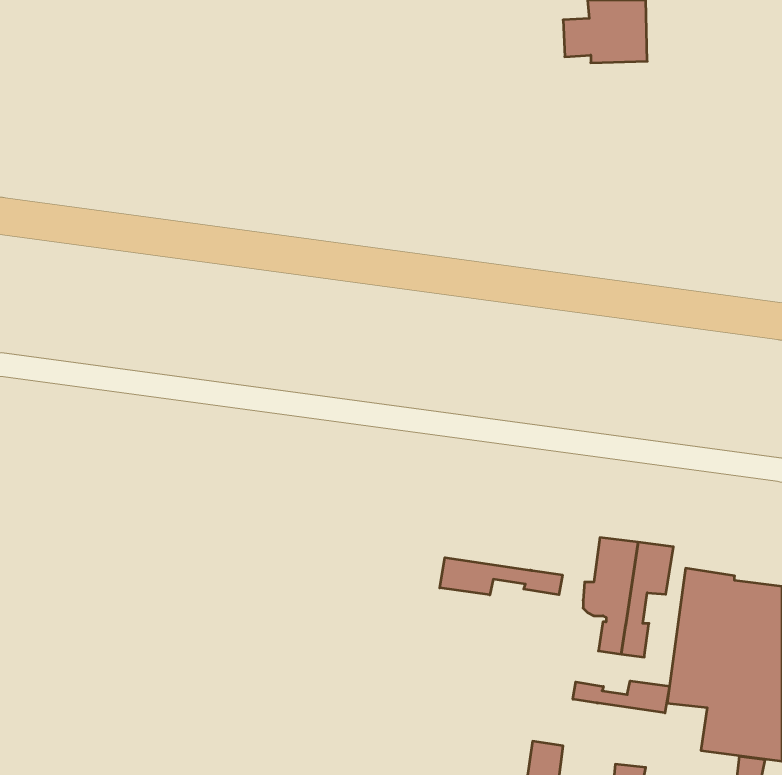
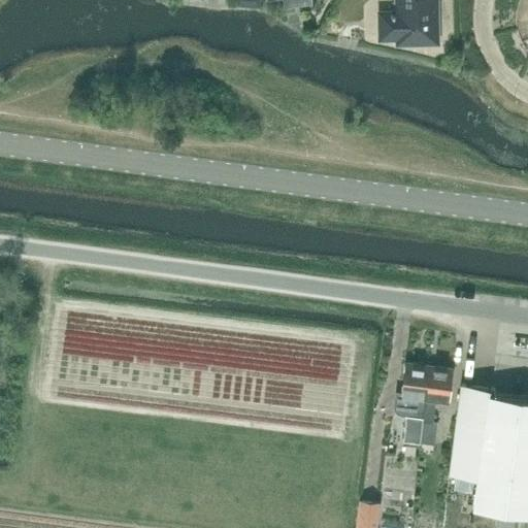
building: [440,558,562,595] -> none
building: [573,681,669,713] -> none

